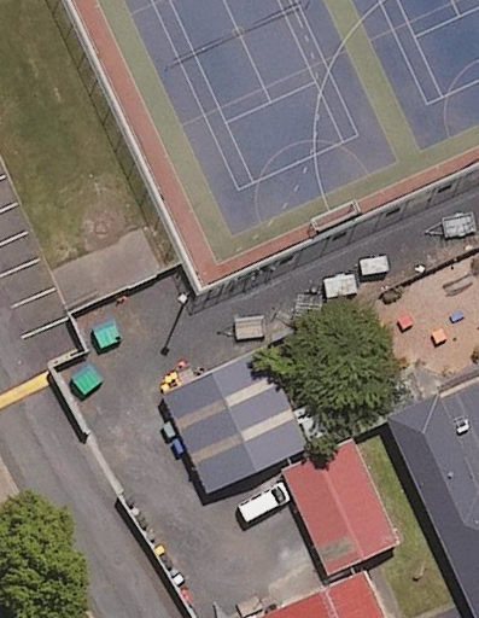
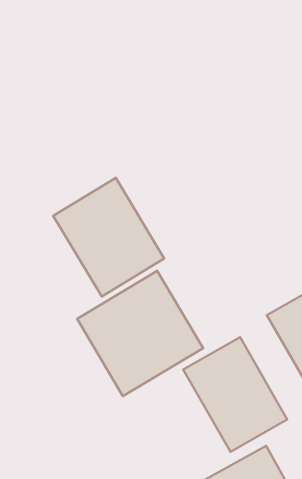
building: none -> [53,178,164,297]

